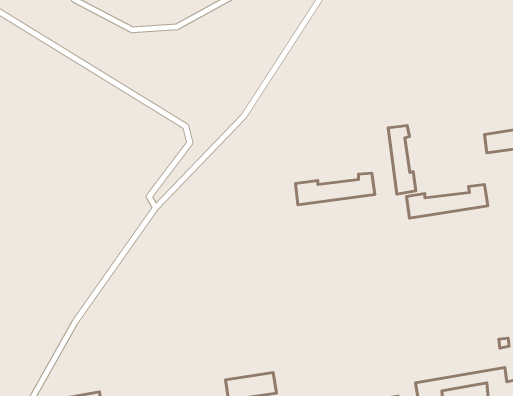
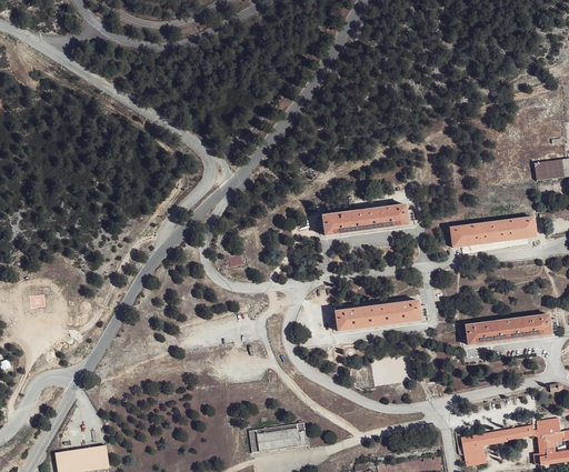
building: [388,125,416,194] -> none
building: none -> [338,298,423,332]
building: none -> [467,308,552,343]

